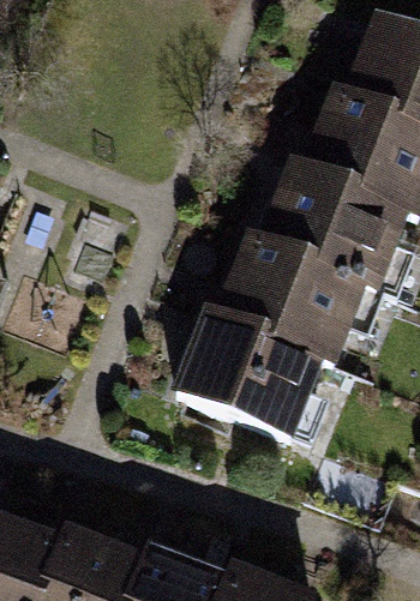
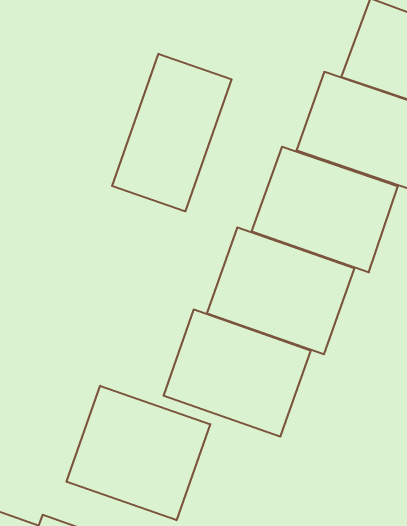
building: none -> [112,54,232,211]
building: none -> [67,386,210,520]

